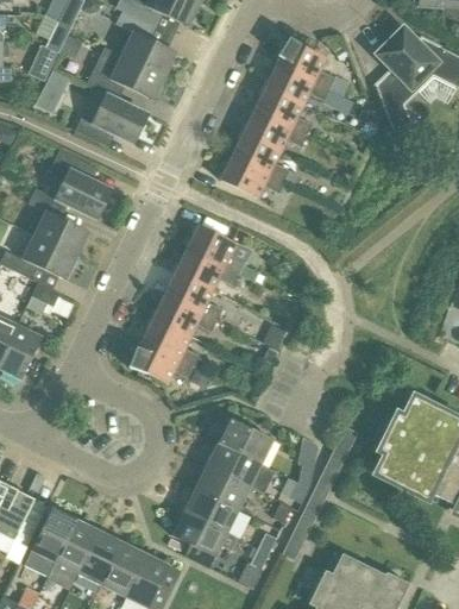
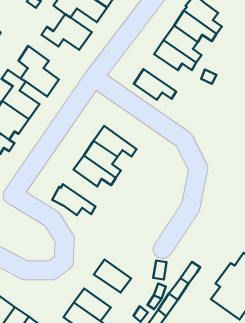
building: [231,132,289,181] -> none
building: [187,224,244,274] -> none
building: [140,318,199,366] -> none
building: [218,417,272,463] -> none
building: [195,465,249,509] -> none

